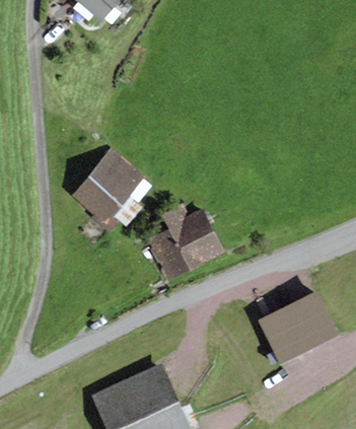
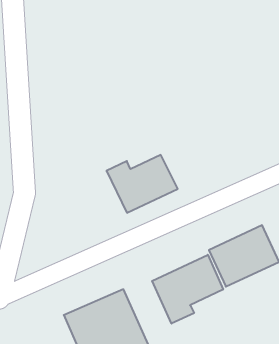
building: [74,155,145,225] -> none
building: none -> [152,255,223,324]

